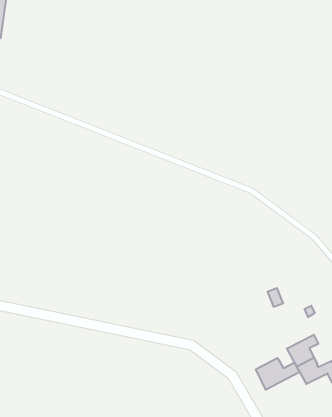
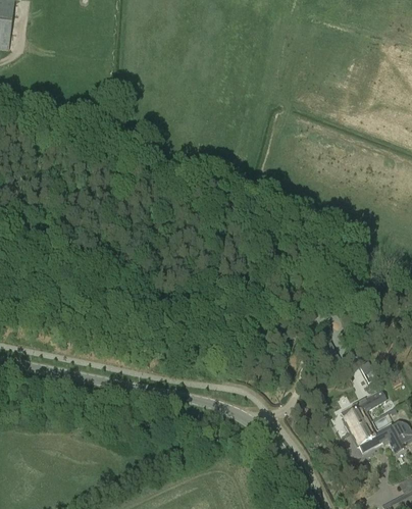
building: [256,358,300,390] -> none

